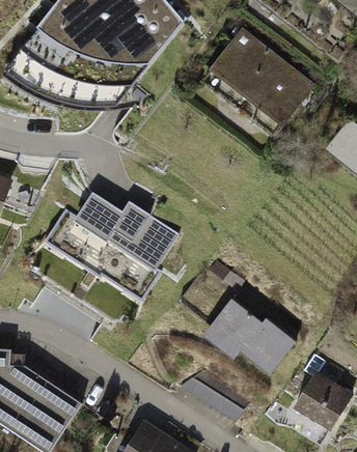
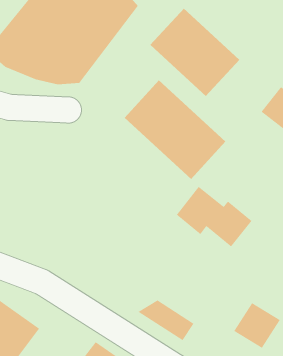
building: none -> [124,79,226,180]
building: [47,189,183,299] -> none
building: [208,299,298,371] -> [176,186,252,247]

